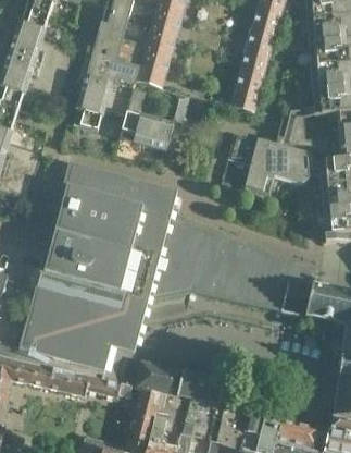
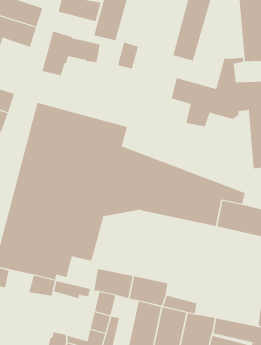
building: [87,53,139,88] -> none
building: [120,112,174,148] -> none
building: [32,362,64,388] -> none

